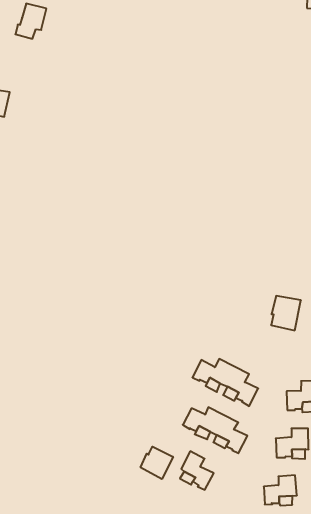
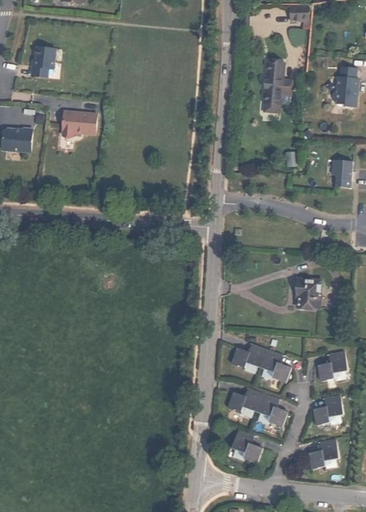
building: none -> [261,62,282,114]
building: none -> [61,109,96,134]
building: [141,447,173,479] -> none

